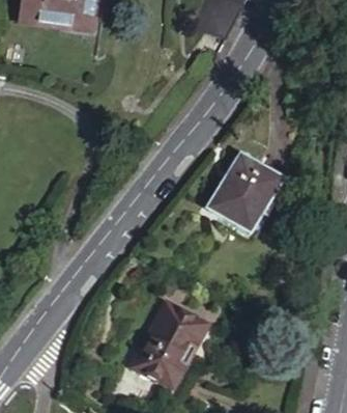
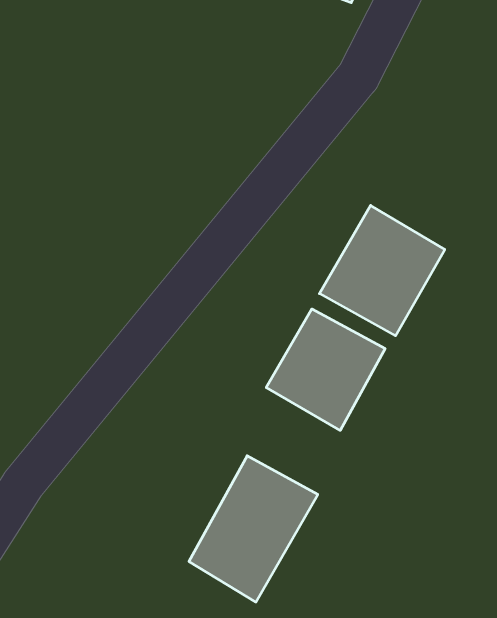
building: none -> [266,309,385,430]

